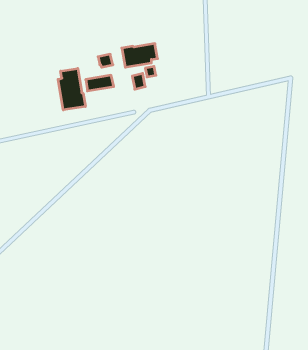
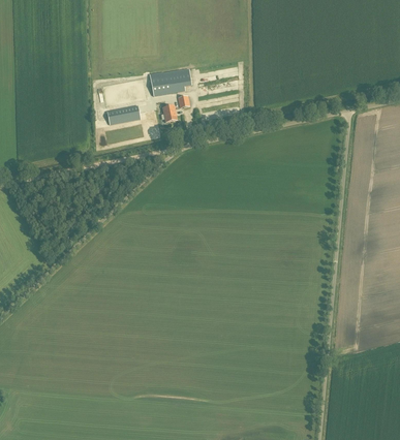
building: [58,68,85,110] -> none

